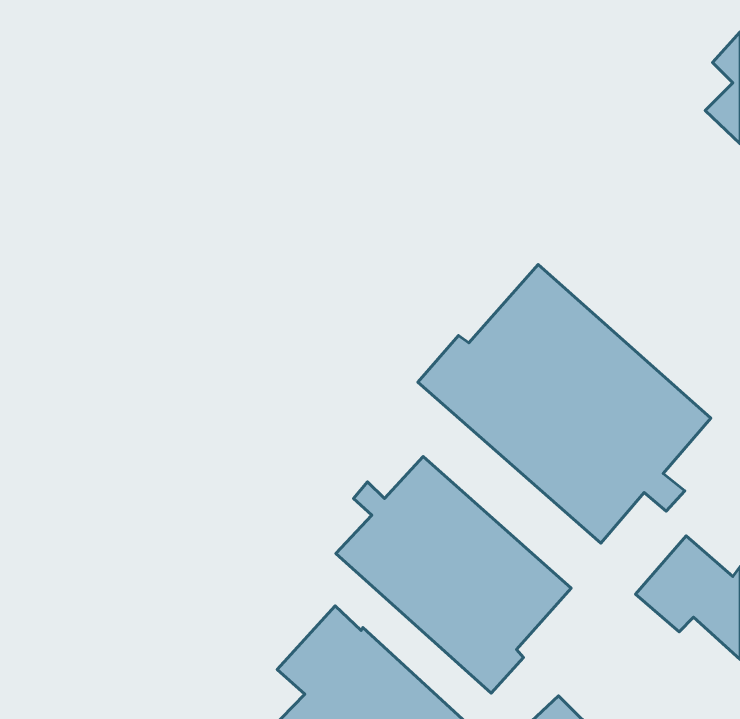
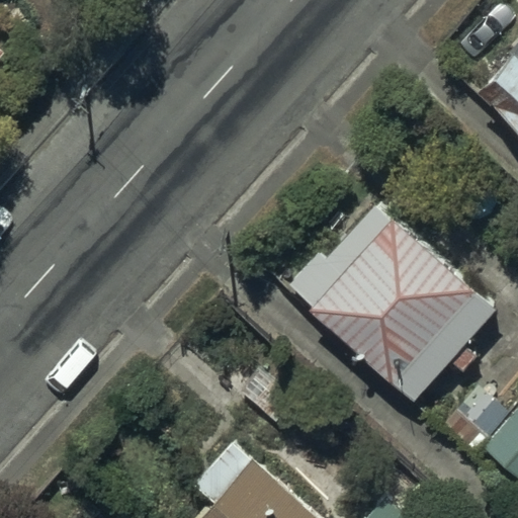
building: [336,456,571,693] -> none

